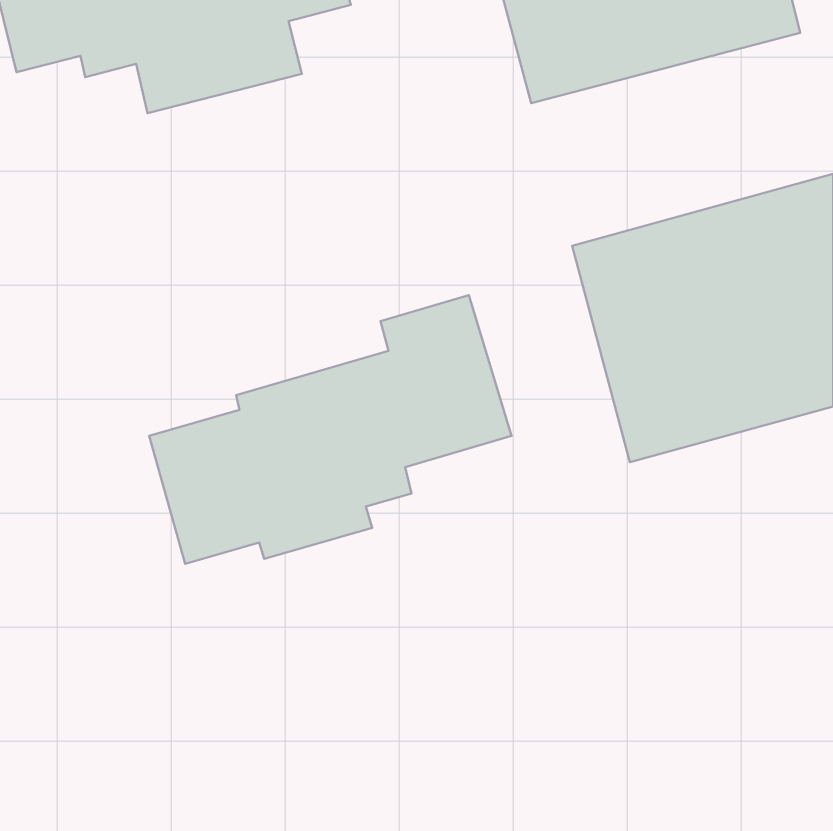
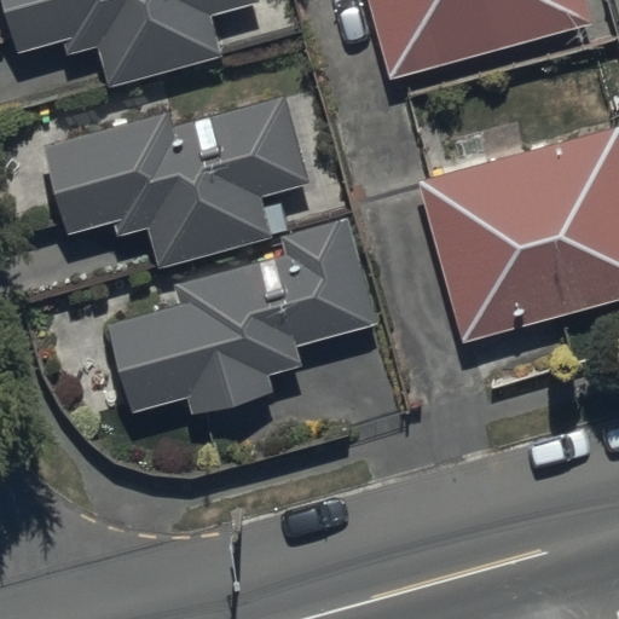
building: none -> [45,99,312,266]

